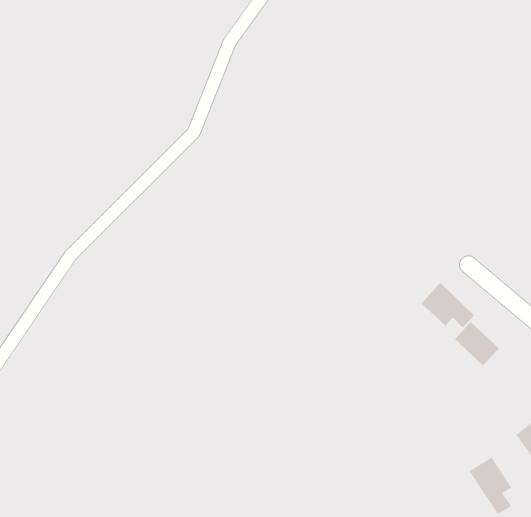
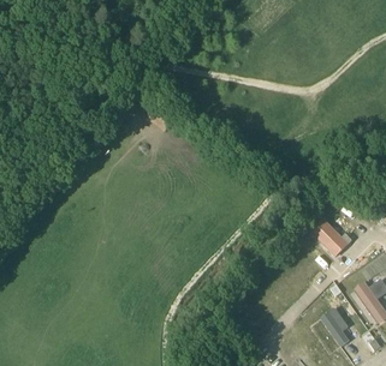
building: [421,282,475,329] -> none

